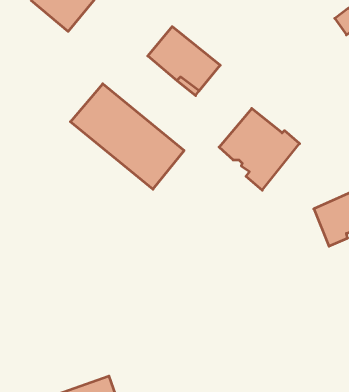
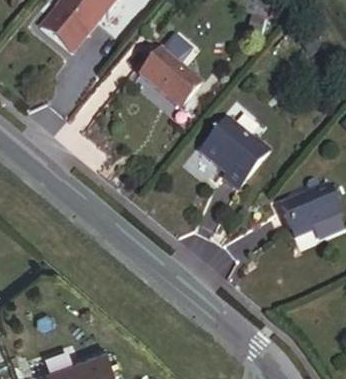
building: [70,84,184,189] -> none

